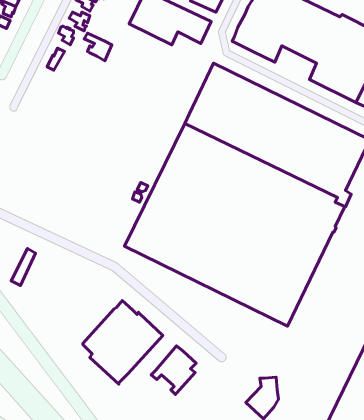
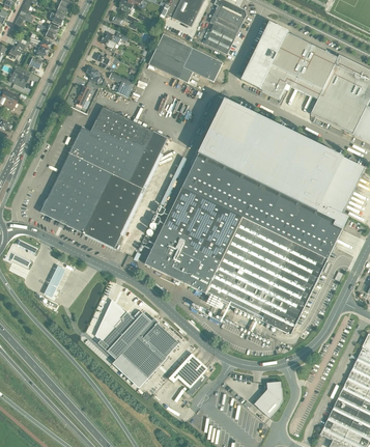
building: none -> [40,106,166,249]
building: none -> [95,300,135,351]

